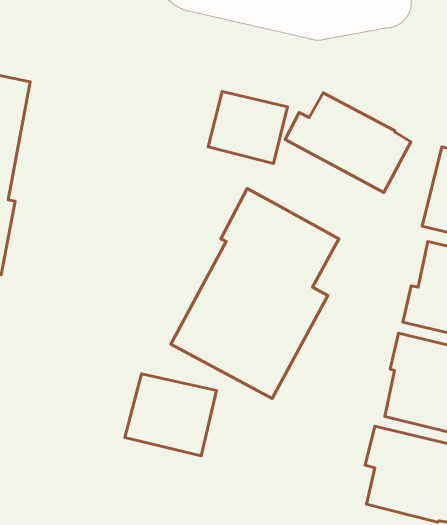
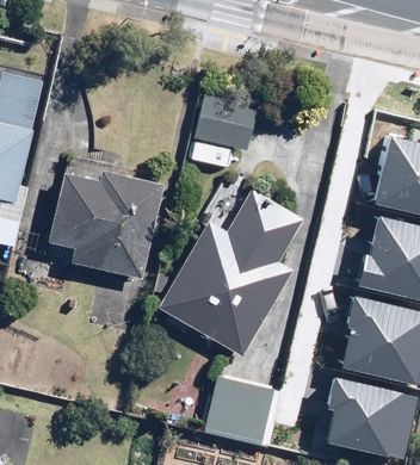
building: [285,93,411,193] -> none
building: none -> [45,154,162,278]
building: [125,374,216,456] -> [203,374,282,445]

